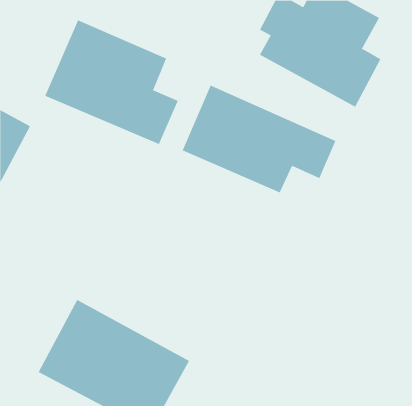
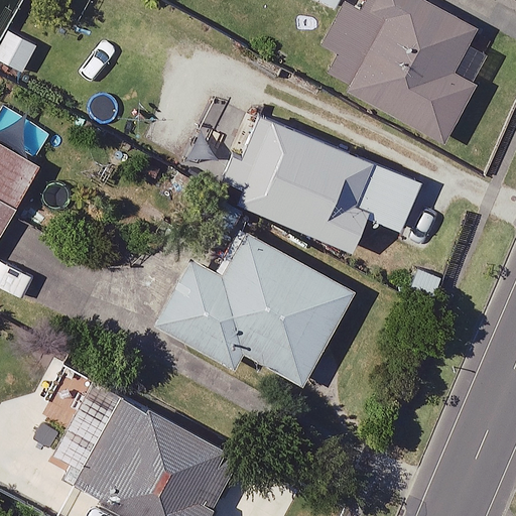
building: [44,19,179,145] -> none
building: none -> [156,231,354,385]

